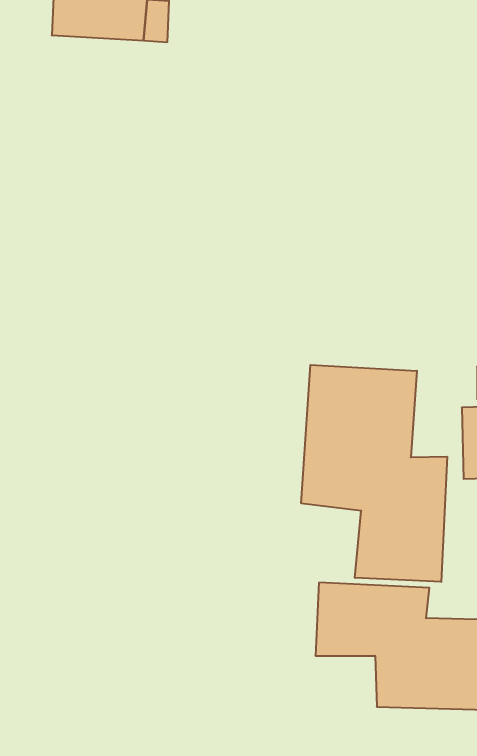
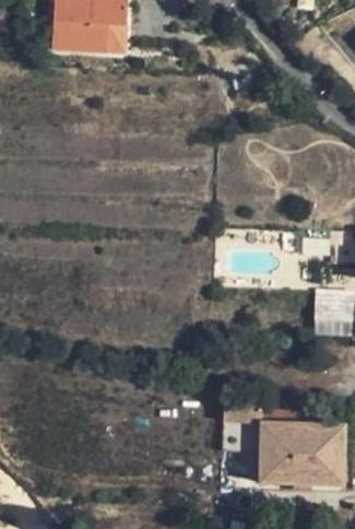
building: [301,365,447,582] -> none

